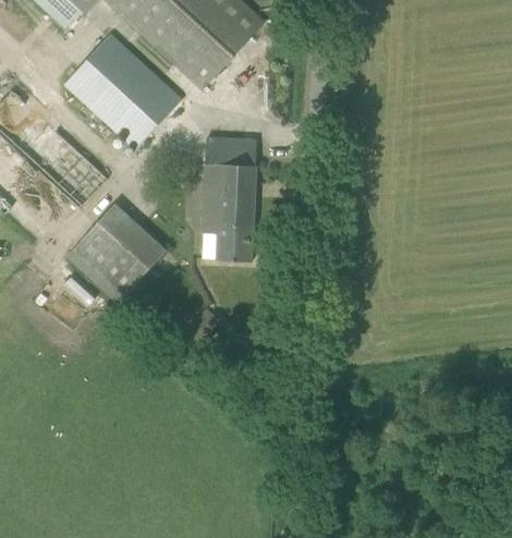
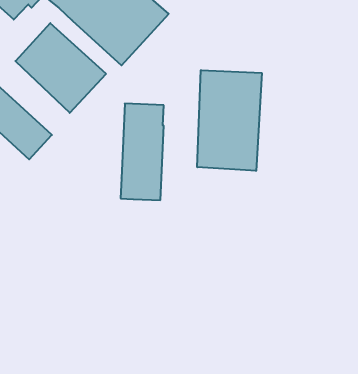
building: none -> [197,70,262,171]
building: [65,203,166,303] -> none

